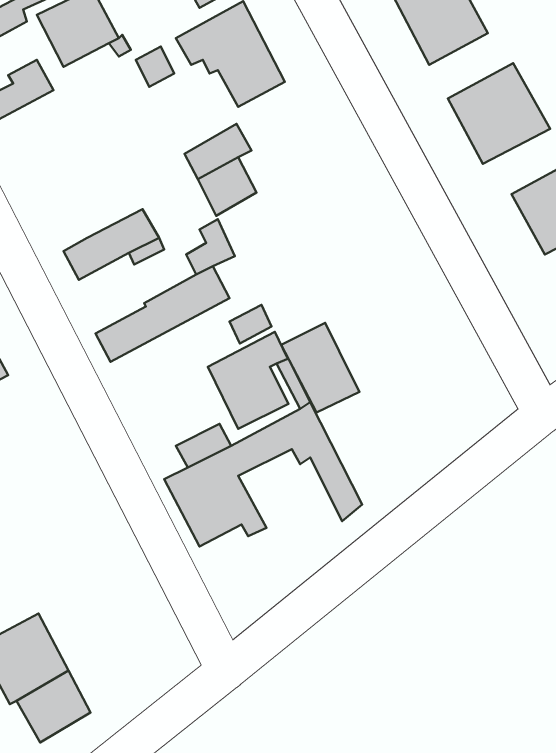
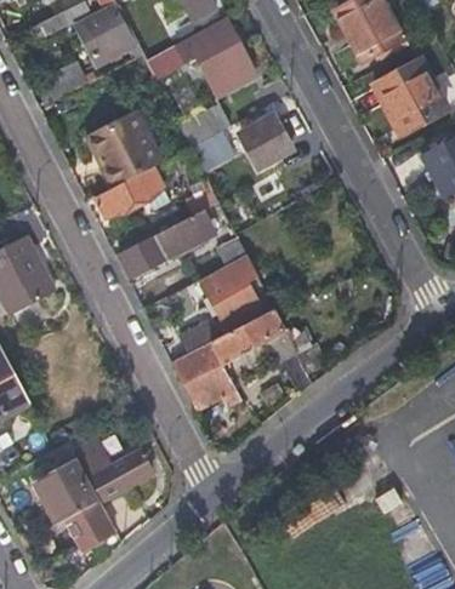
building: none -> [85,113,160,188]
building: none -> [240,116,291,166]
building: [281,323,360,412] -> none
building: none -> [75,436,150,498]

